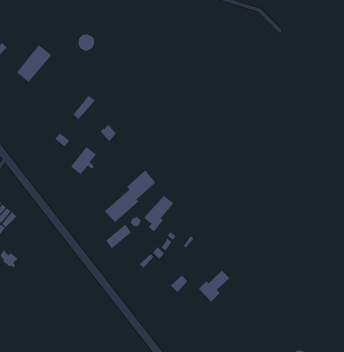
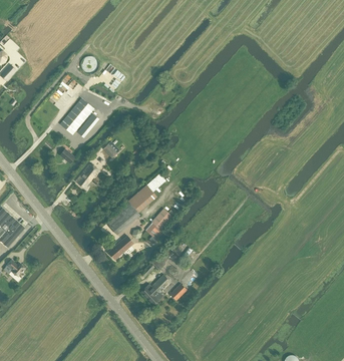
building: [16,45,52,83] -> [60,98,94,134]
building: [198,270,230,303] -> [141,274,171,305]

